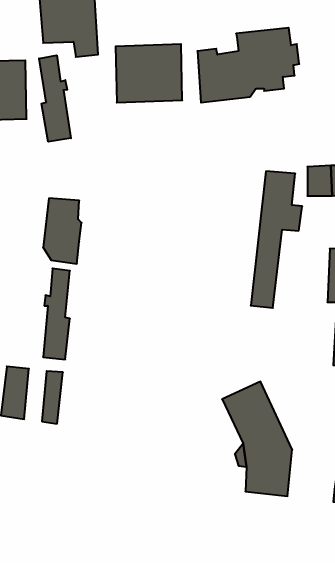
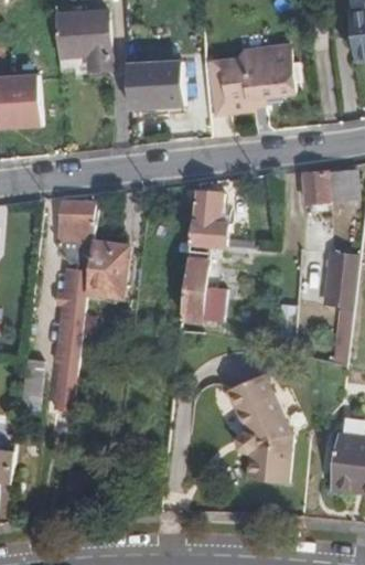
building: [39,55,71,142] -> none
building: [251,171,302,308] -> [181,194,229,323]
building: none -> [85,243,128,295]

